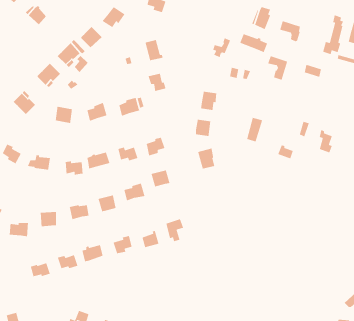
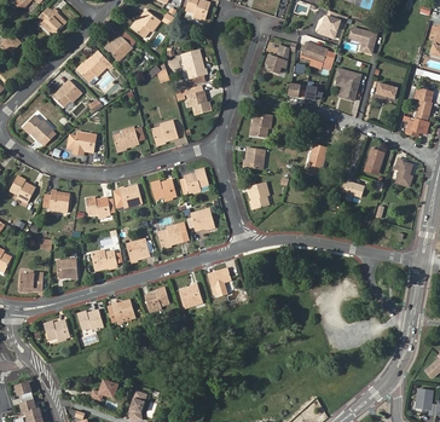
building: [322,14,344,55] -> [405,87,432,137]

